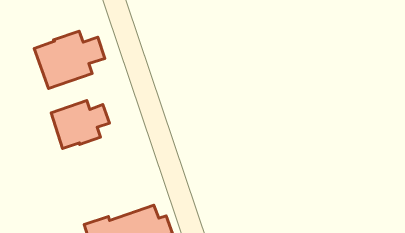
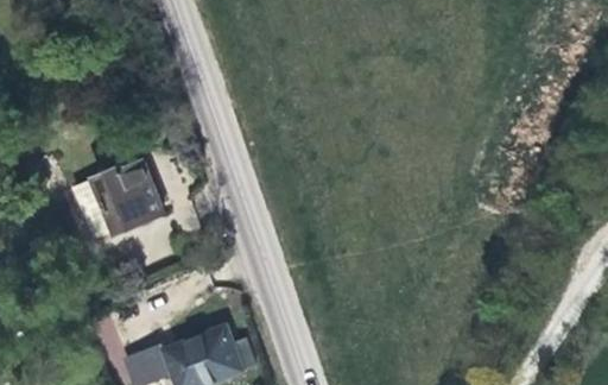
building: [34,31,105,88] -> none

